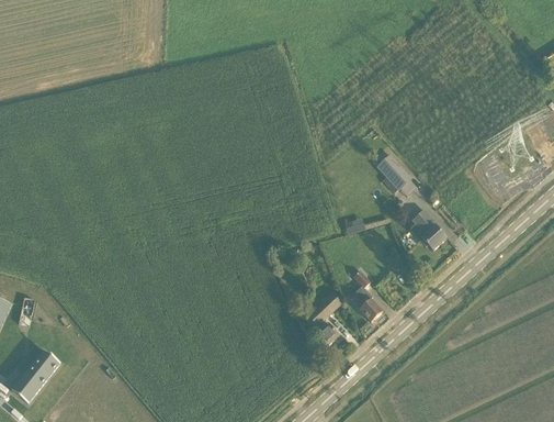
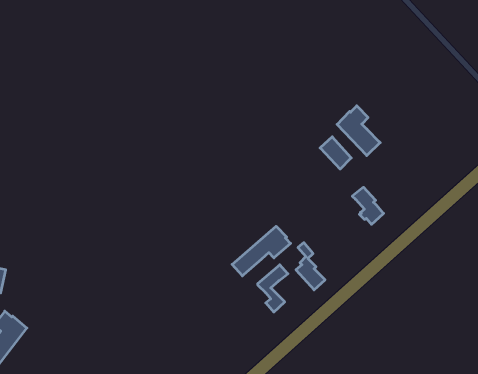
building: none -> [337,106,380,156]
building: none -> [232,226,291,276]

